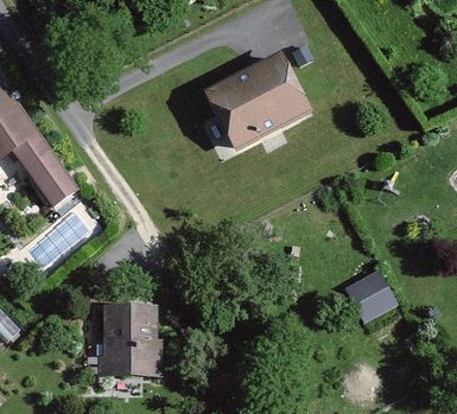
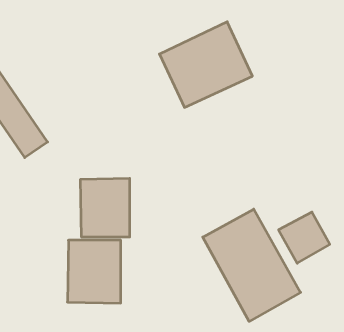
building: none -> [81,178,130,237]
building: none -> [203,209,301,321]

